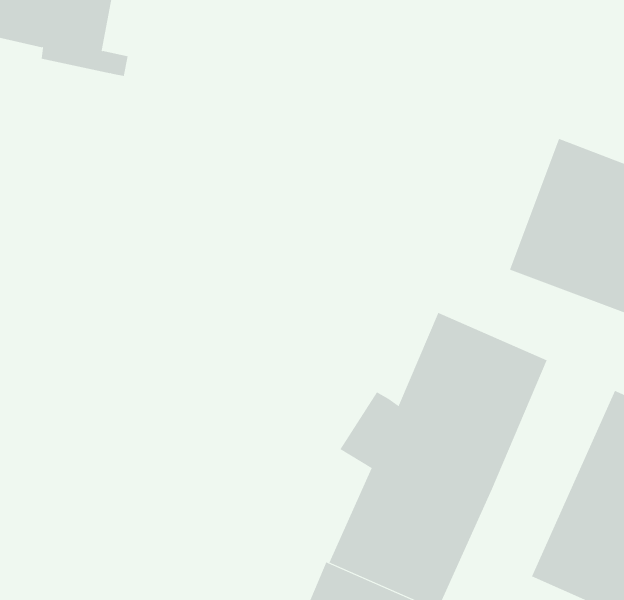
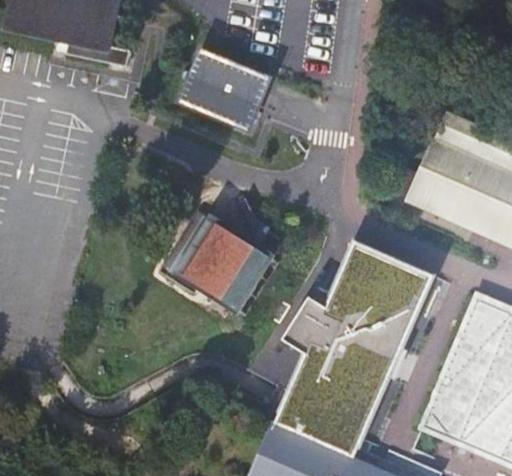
building: none -> [176,46,272,133]
building: none -> [171,214,275,317]

